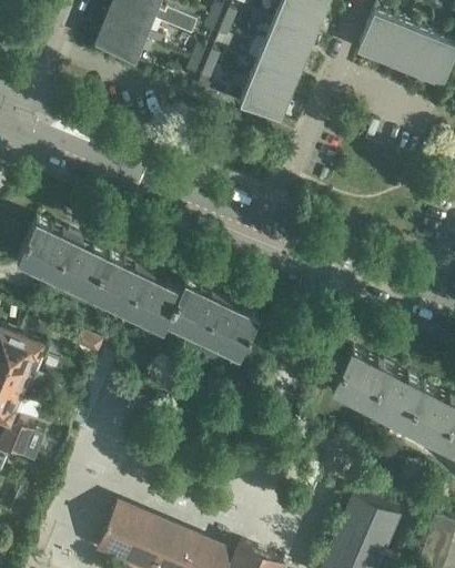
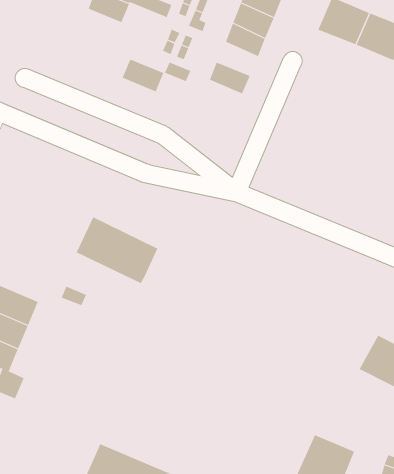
building: [93,29,140,65] -> [122,59,164,92]
building: [244,65,291,103] -> none
building: [16,224,108,298] -> none
building: [165,285,259,361] -> none
building: [331,353,423,427] -> none

